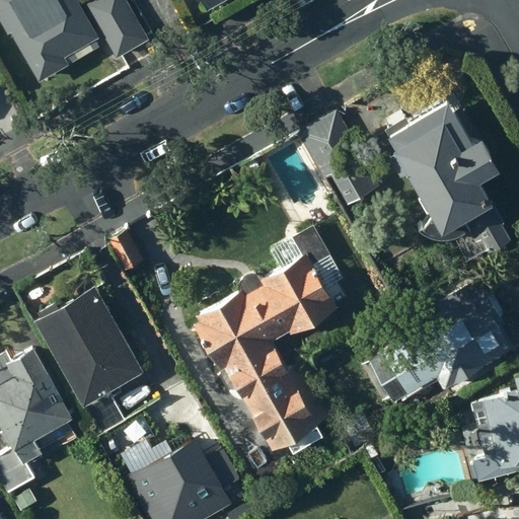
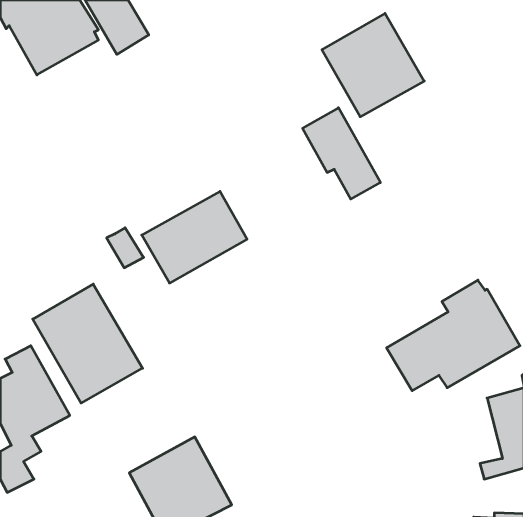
building: none -> [322,13,424,117]
building: [385,113,507,247] -> none
building: none -> [142,191,247,283]
building: [195,254,337,450] -> none

